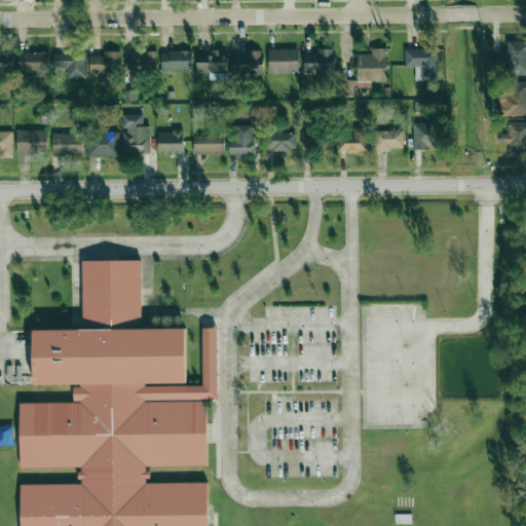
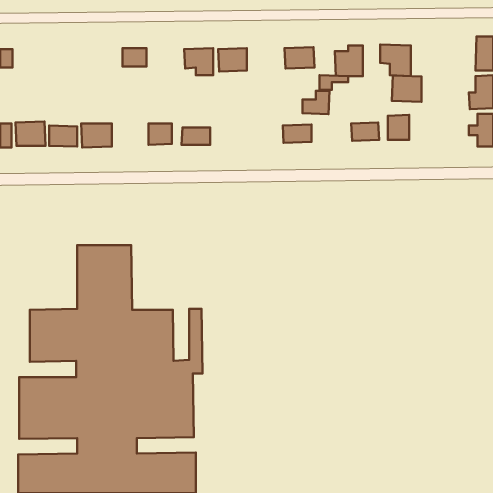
building: [268,48,298,74] -> none
building: [18,51,47,77] -> none
building: [53,51,85,78] -> none
building: [90,51,121,73] -> none
building: [161,51,191,71] -> none
building: none -> [392,76,422,102]
building: [122,114,150,154] -> none
building: [229,125,253,154] -> none
building: [338,127,367,152] -> [302,91,330,114]
building: [265,133,296,150] -> none

